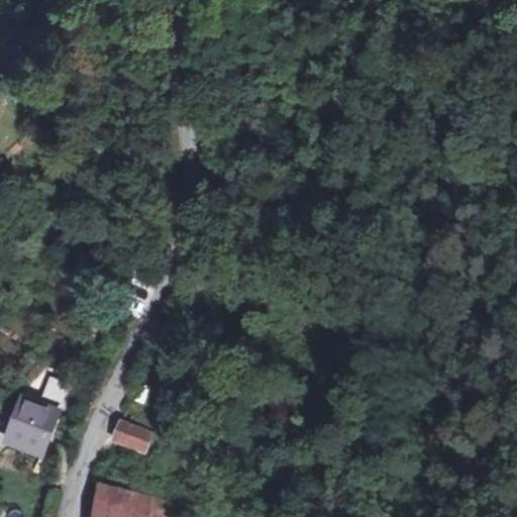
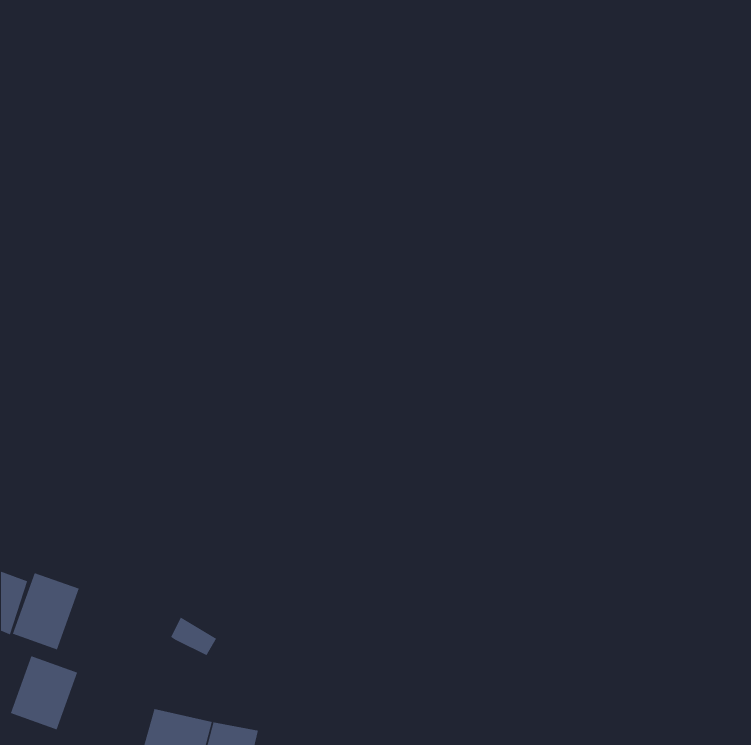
building: none -> [10,655,78,731]

